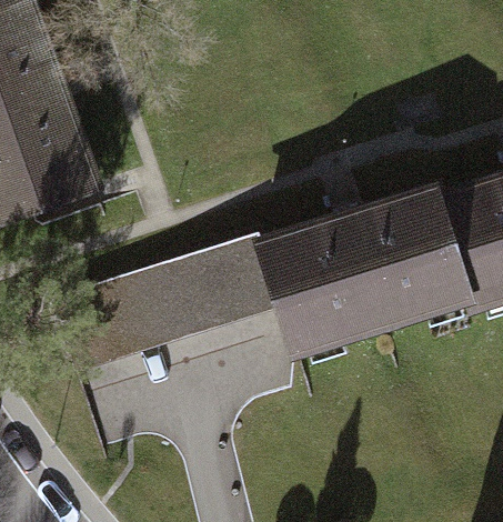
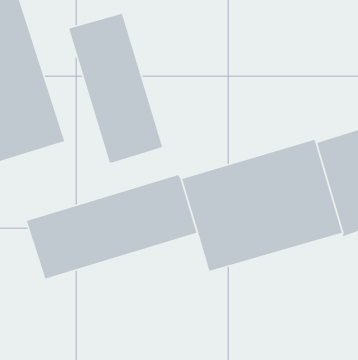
building: none -> [68,13,163,163]

